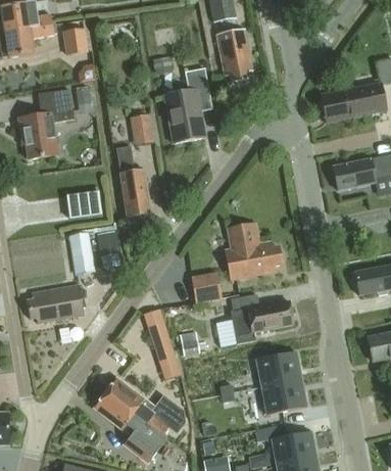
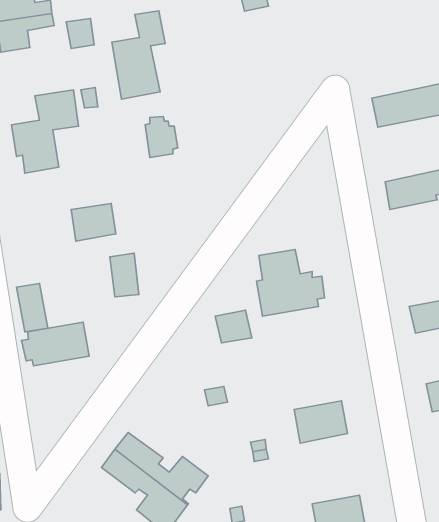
building: [216,29,252,82] -> none
building: [165,69,210,144] -> [112,11,165,99]
building: [116,146,151,217] -> none
building: [69,233,96,274] -> [16,284,48,332]
building: [230,294,293,344] -> none
building: [144,309,177,366] -> none
building: [261,379,306,415] -> none

